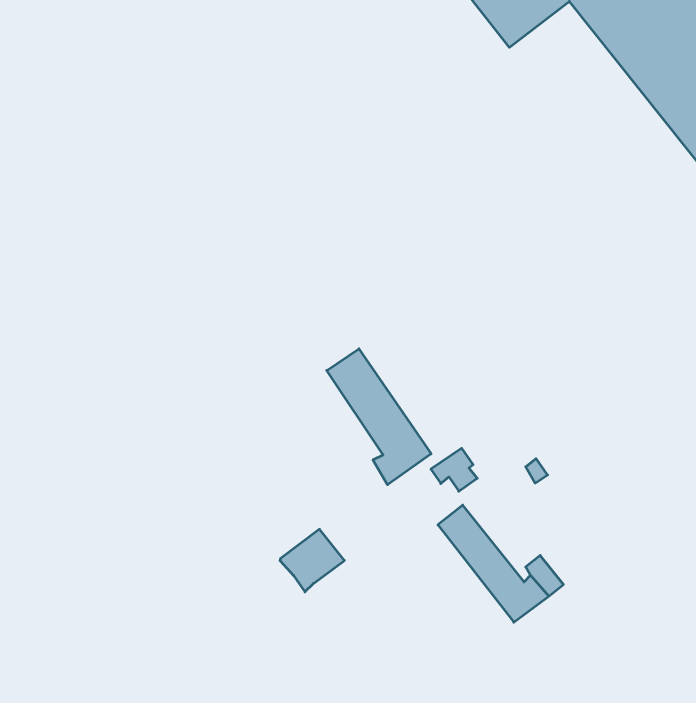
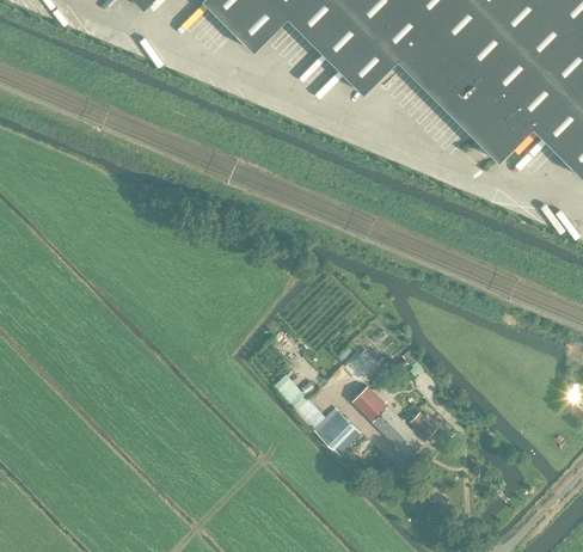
building: [327,349,431,485] -> none
building: [280,529,344,592] -> [315,410,356,450]

